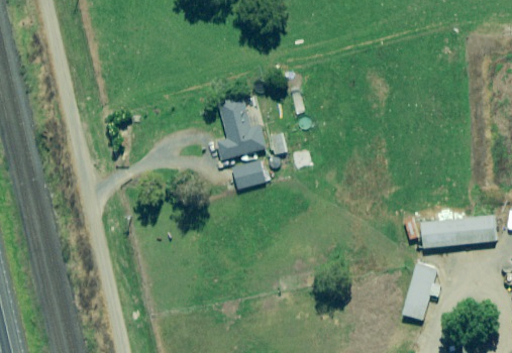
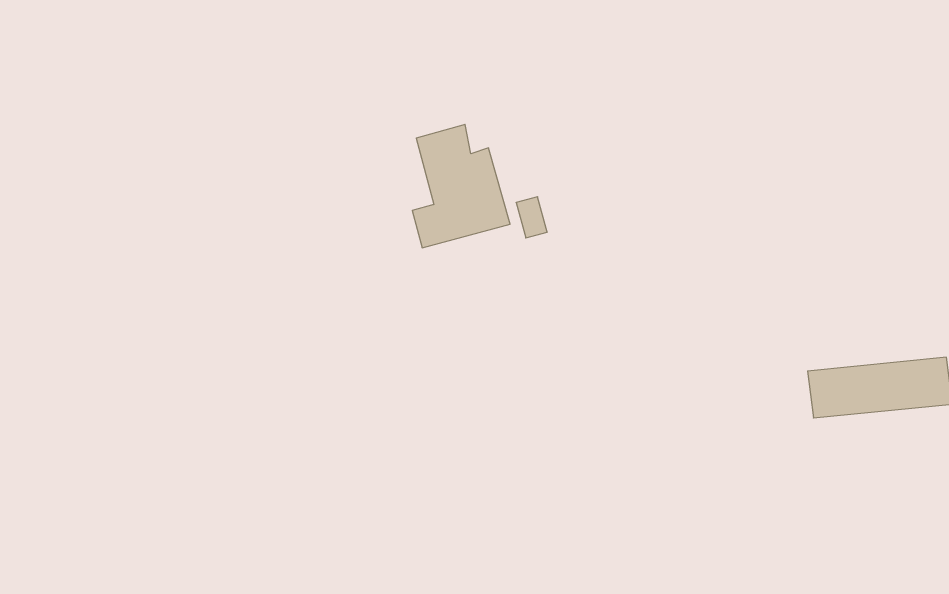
building: [232,161,270,189] -> none
building: [402,263,440,320] -> none

